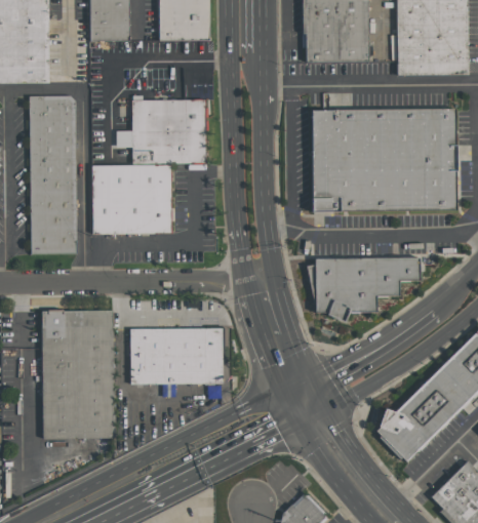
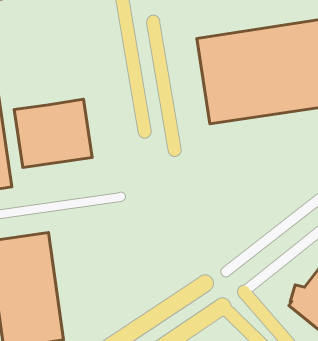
building: [132,99,207,165] -> none
building: [308,258,420,322] -> none
building: [129,328,224,383] -> none

